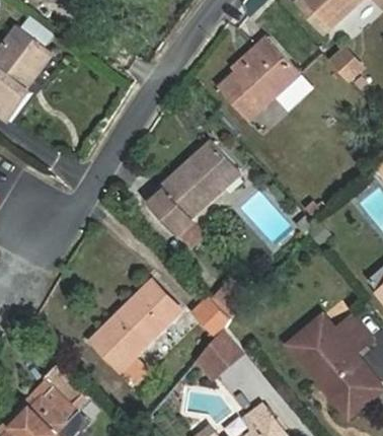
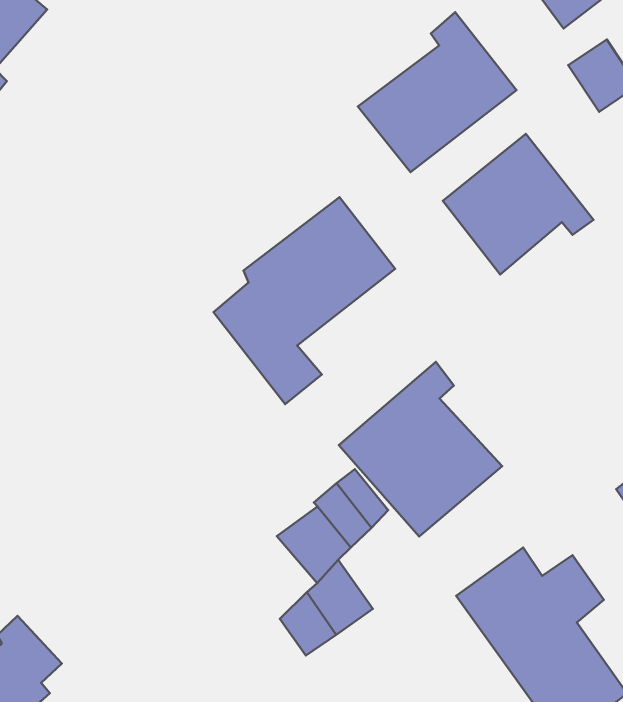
building: none -> [443,134,594,274]
building: none -> [339,362,502,536]
building: [92,281,181,369] -> none

